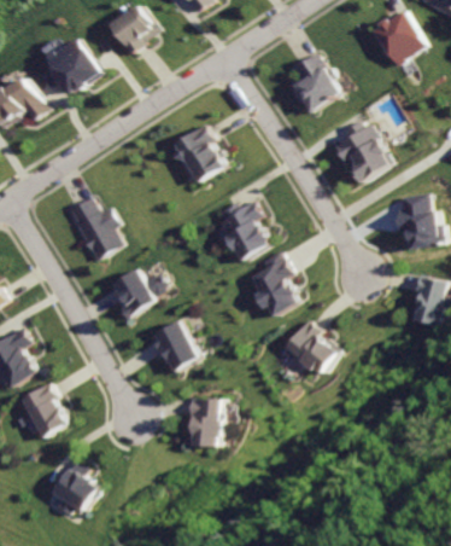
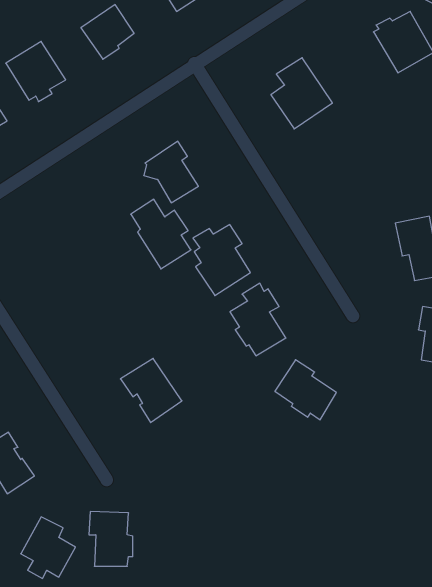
building: [326,121,387,182] -> none
building: [63,199,116,261] -> [131,199,191,269]
building: [104,268,151,319] -> none
building: [192,397,230,446] -> [89,512,133,566]

